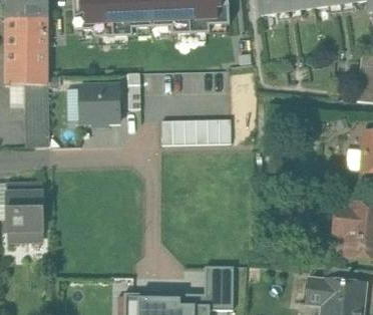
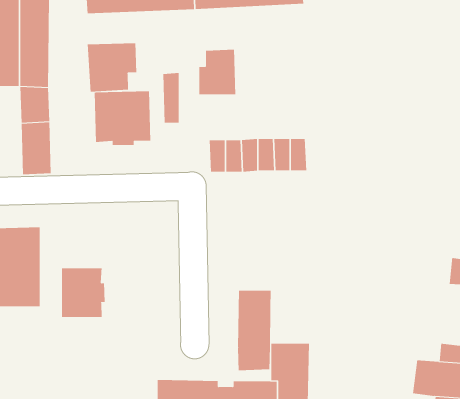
building: none -> [87,43,137,92]
building: none -> [199,49,236,95]
building: none -> [61,268,105,318]
building: none -> [238,290,271,371]

